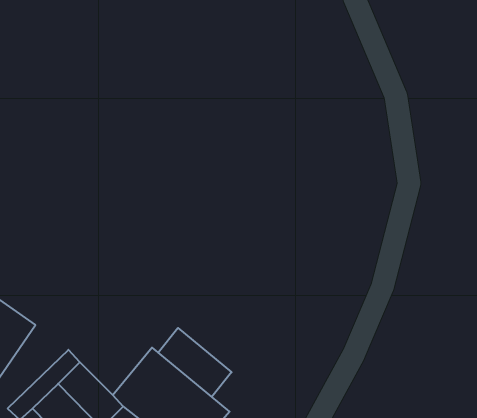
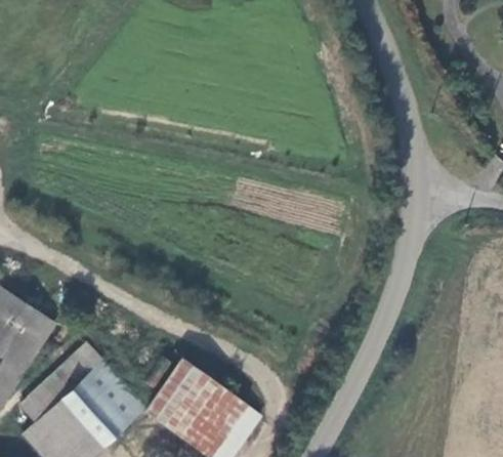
building: [158,328,232,397] -> none

